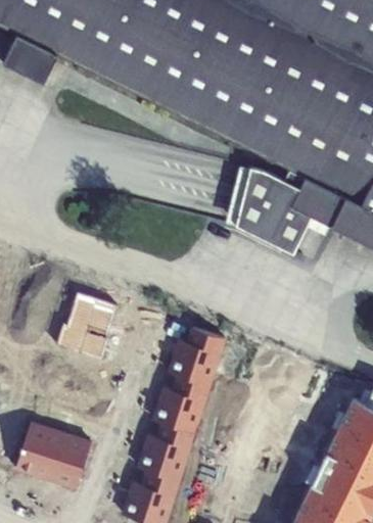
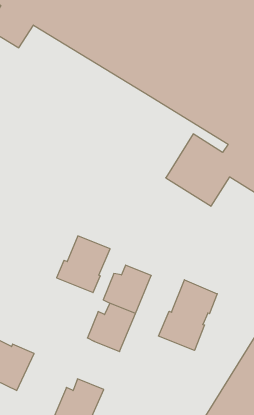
building: [56,292,118,359] -> [57,236,110,293]
building: none -> [159,280,217,350]
building: [137,424,193,481] -> none

